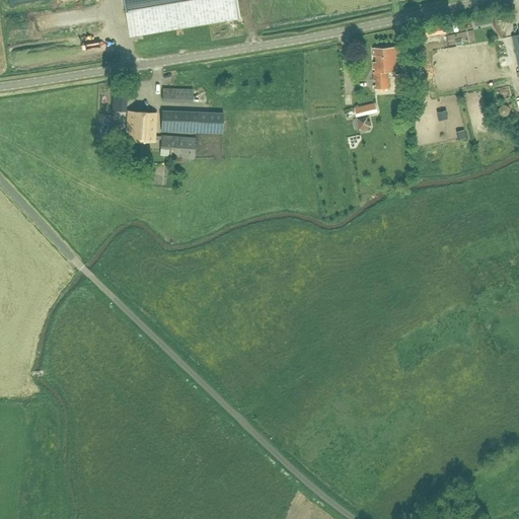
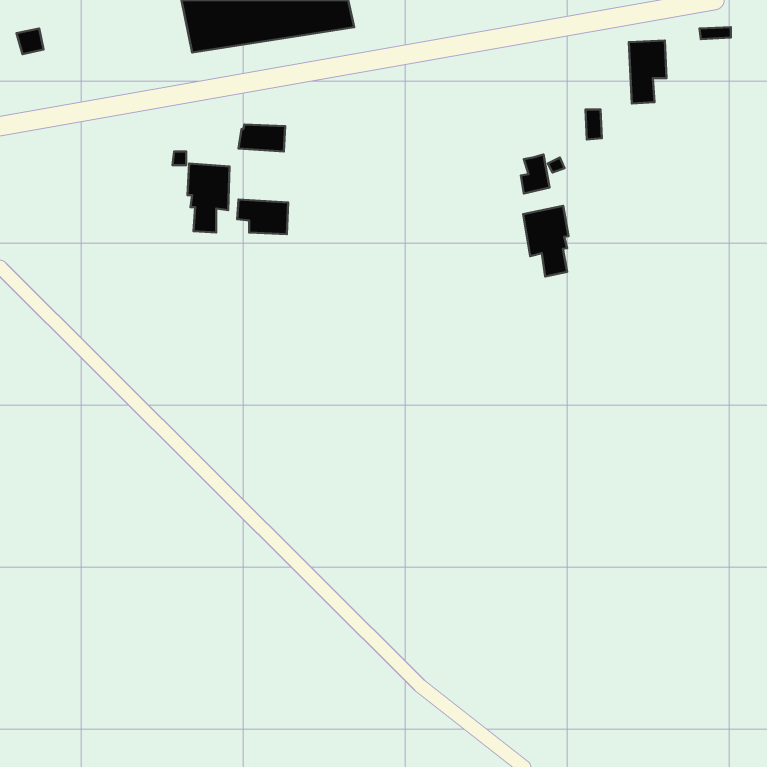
building: [372,47,397,89] -> [629,41,666,104]
building: [160,108,223,133] -> none
building: none -> [523,206,569,276]

